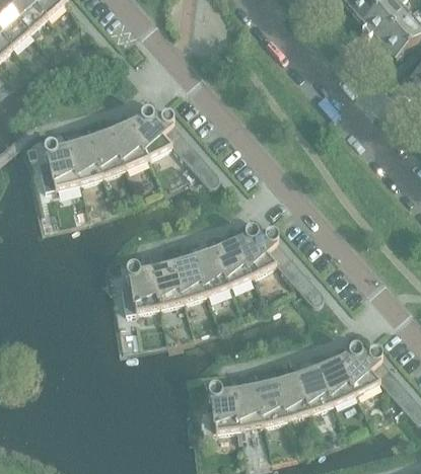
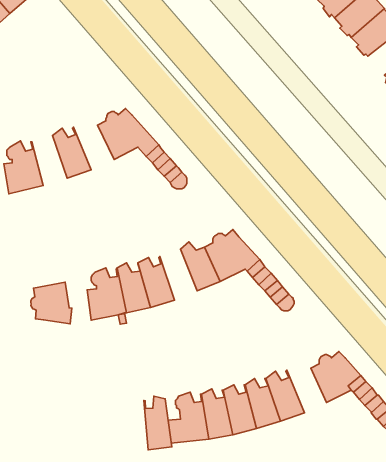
building: [108,117,147,166] -> none
building: [67,133,101,181] -> none
building: [192,243,228,293] -> none
building: none -> [31,282,72,324]
building: [315,353,354,402] -> none
building: none -> [144,396,172,450]

